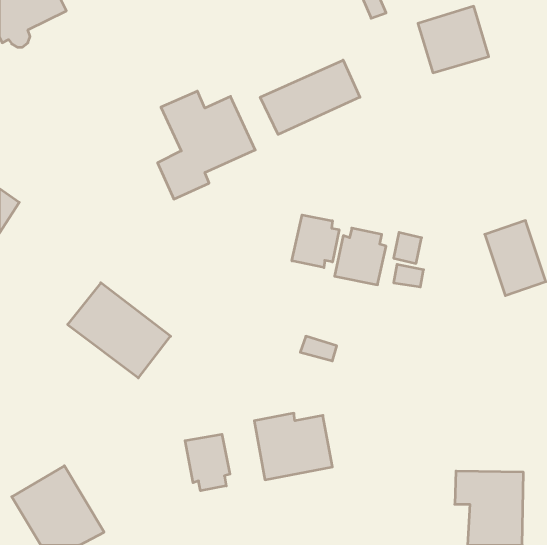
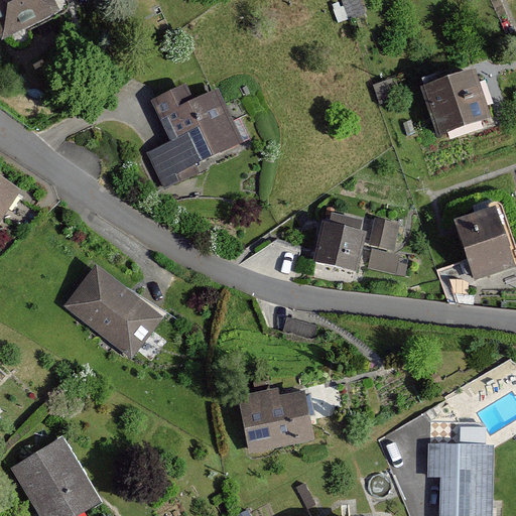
building: [418,6,489,73] -> [421,71,488,133]
building: [260,60,360,134] -> none
building: [292,215,339,268] -> none
building: [185,434,230,491] -> none

